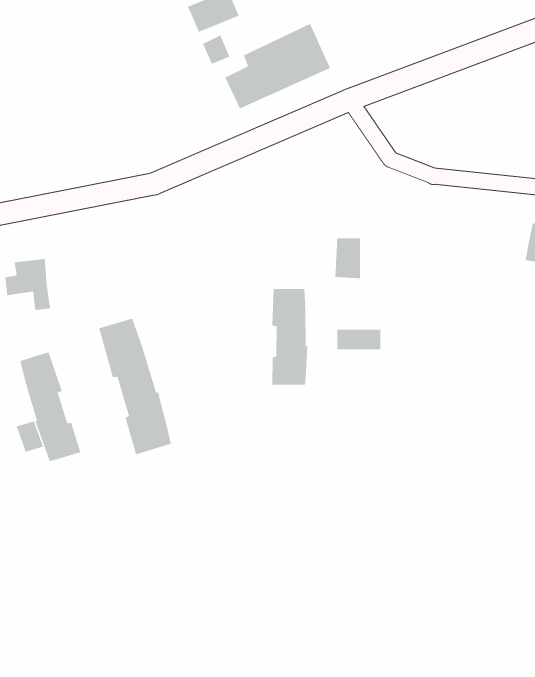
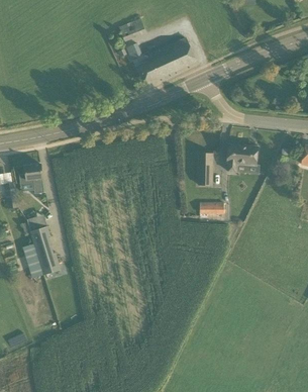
building: none -> [227,143,258,172]
building: [272,288,308,386] -> none
building: [99,318,172,455] -> none

